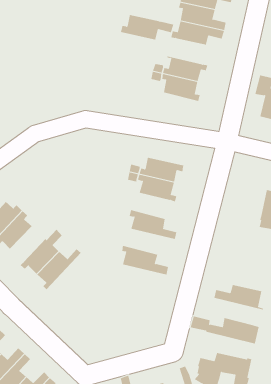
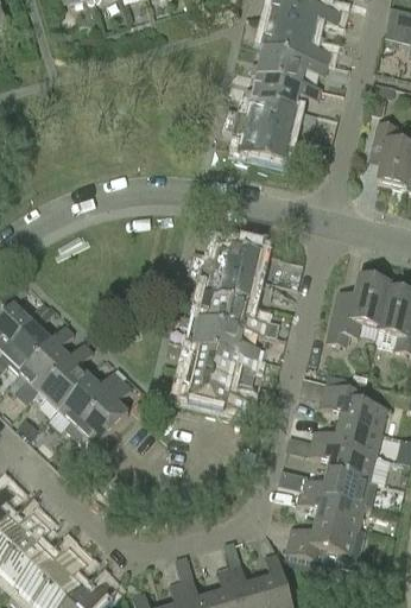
building: [120,15,174,40] -> [244,70,321,107]
building: none -> [328,276,387,344]
building: none -> [192,290,278,336]
building: none -> [15,325,77,390]
building: none -> [181,342,257,379]
building: none -> [320,369,386,431]
building: none -> [72,376,133,443]
building: none -> [308,441,382,482]
building: none -> [297,489,371,528]

